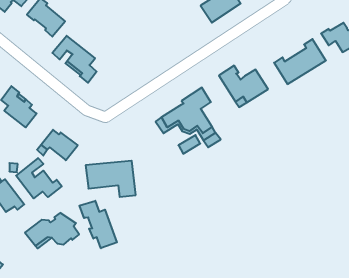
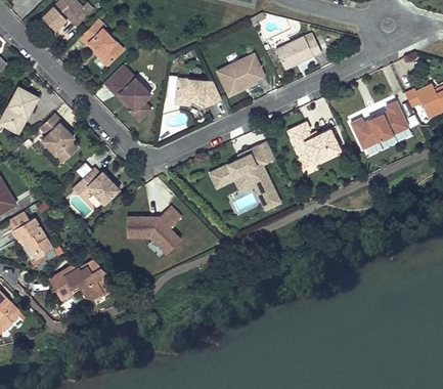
building: none -> [216,52,268,96]
building: none -> [175,78,222,107]
building: [16,158,62,198] -> none
building: [79,201,117,248] -> none

